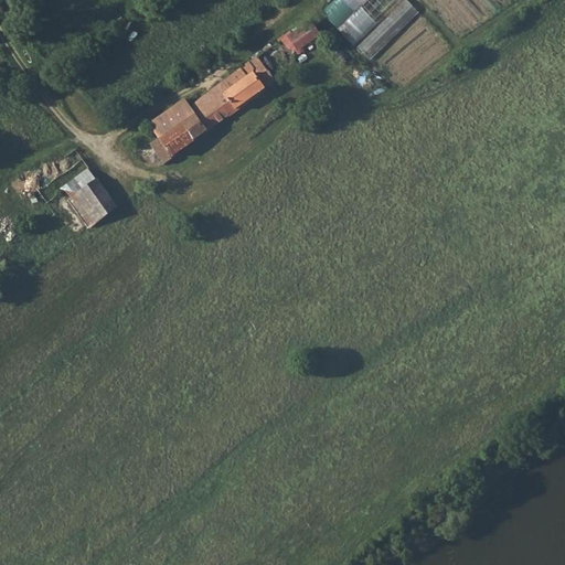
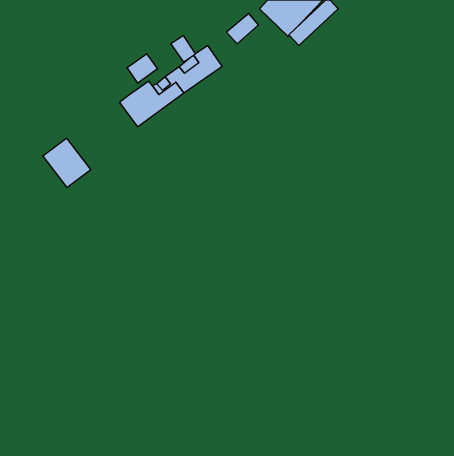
building: none -> [171,36,195,62]
building: none -> [127,54,157,83]

